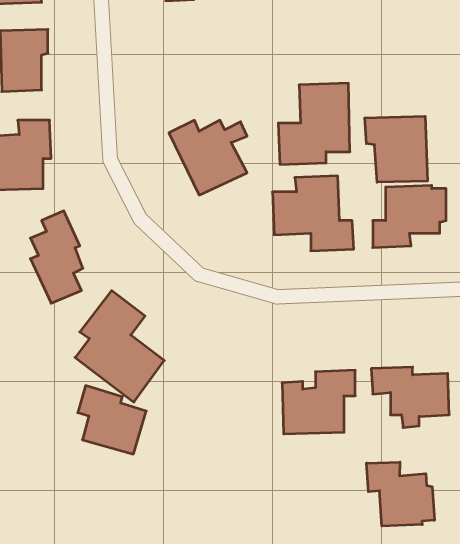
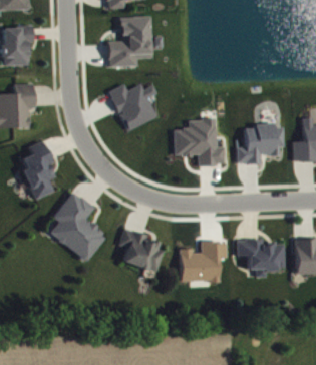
building: [278,83,350,164] -> [107,15,152,66]
building: [365,116,427,182] -> none
building: [78,386,146,454] -> [118,228,162,271]
building: [367,462,434,526] -> none

